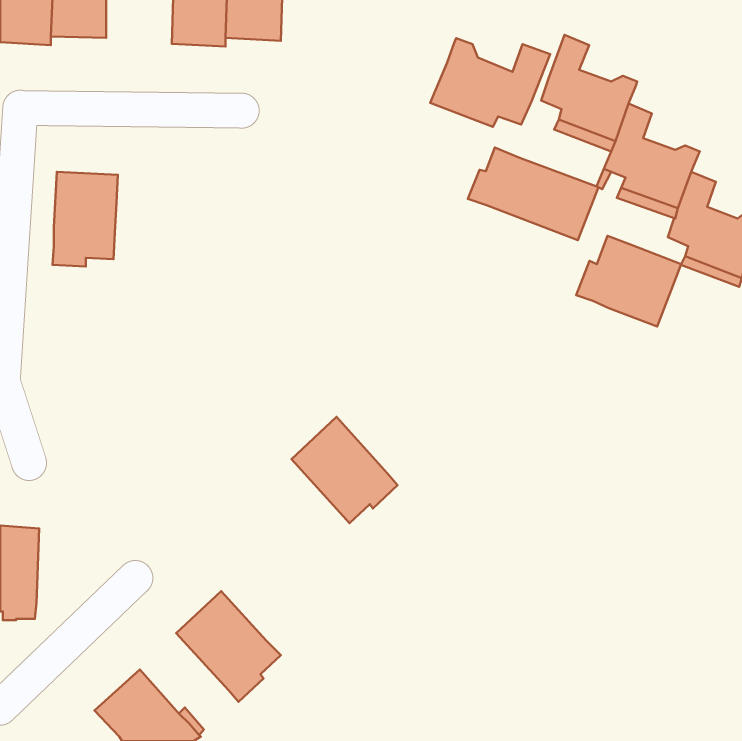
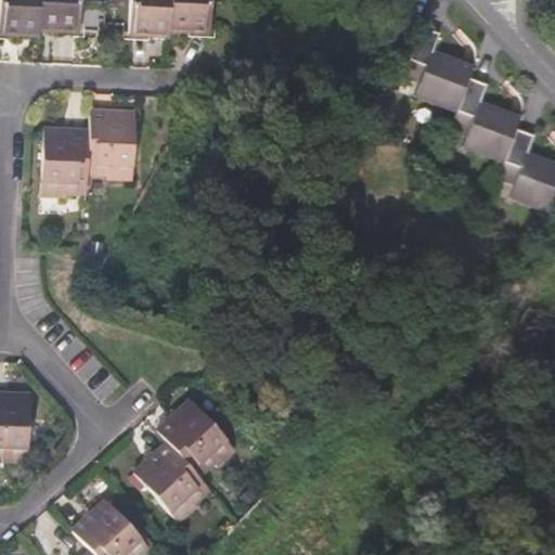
building: [430,38,550,127] -> none
building: none -> [87,109,135,179]
building: [468,147,598,240] -> none
building: [576,236,681,327] -> none
building: [291,417,398,523] -> [156,398,235,477]

